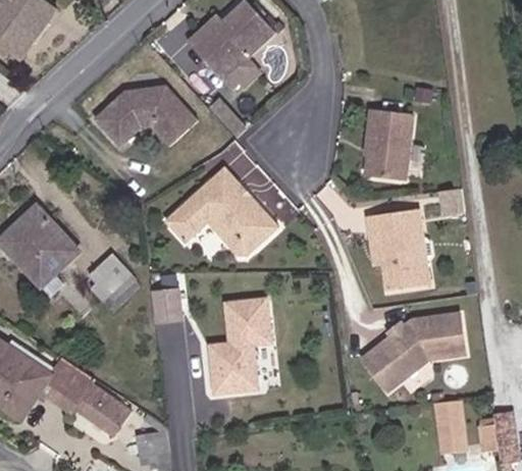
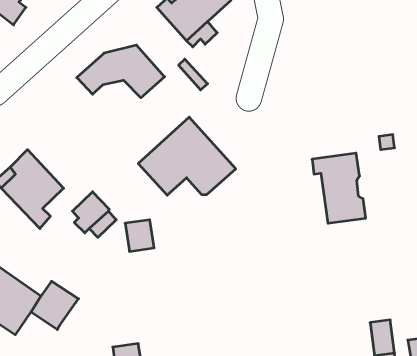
building: [363,111,407,180] -> none
building: [210,295,274,389] -> none
building: [360,314,464,390] -> none
building: [73,382,130,437] -> none

